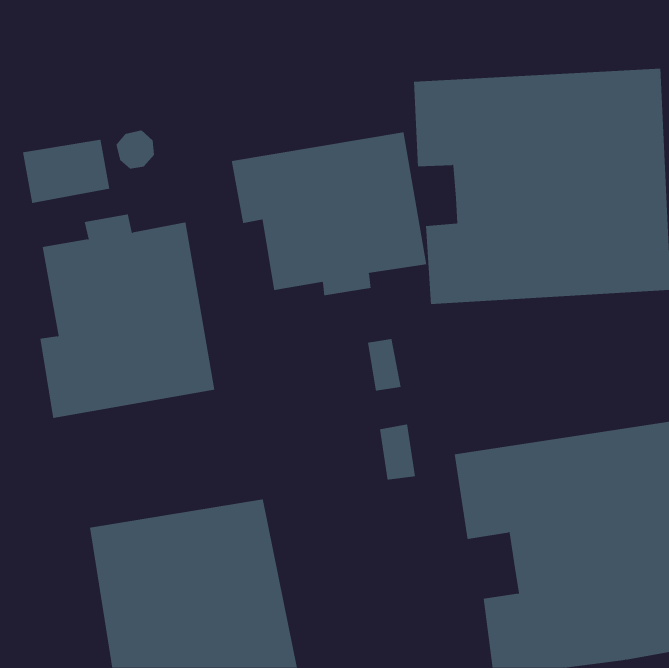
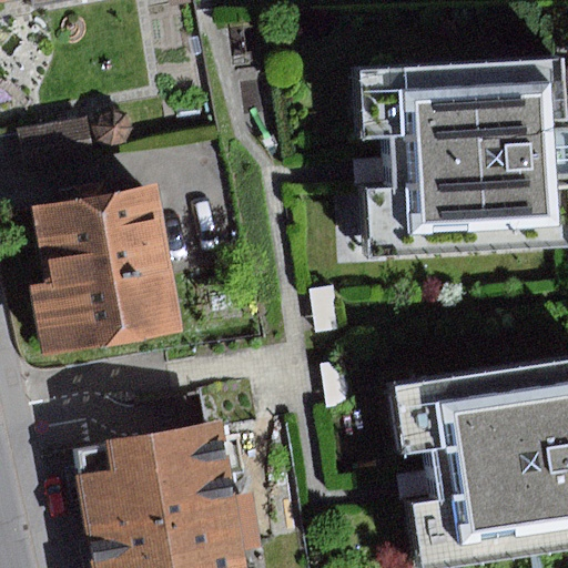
building: [231,132,427,296] -> none

